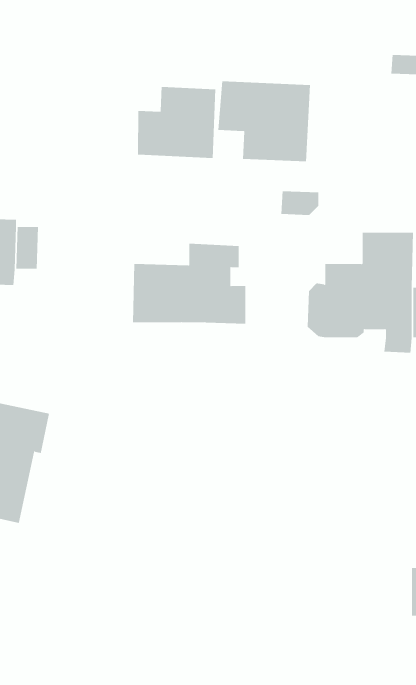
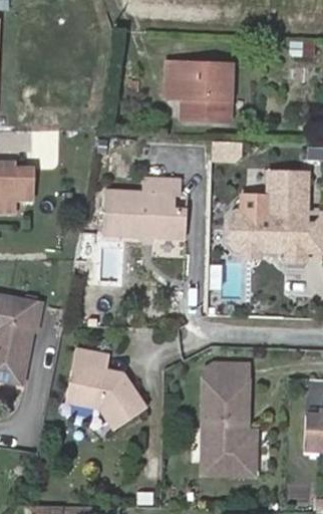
building: [137,86,216,159] -> none
building: none -> [64,351,145,432]
building: none -> [201,365,255,477]

